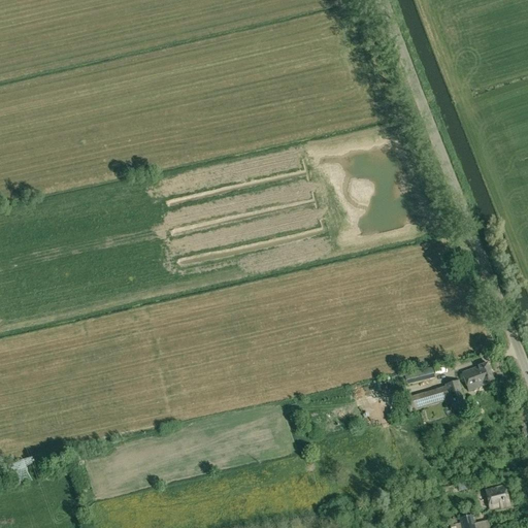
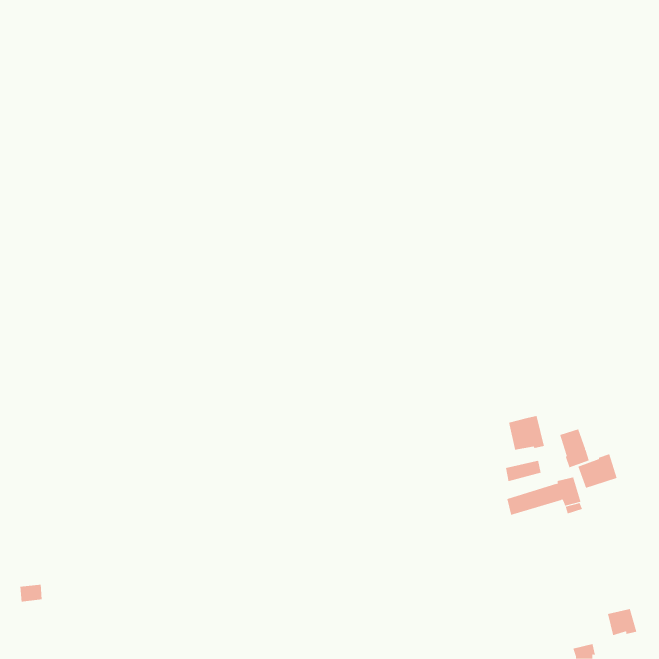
building: none -> [509,415,544,451]
building: none -> [560,429,590,468]

